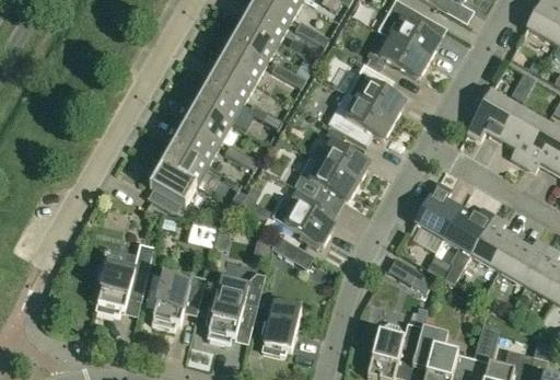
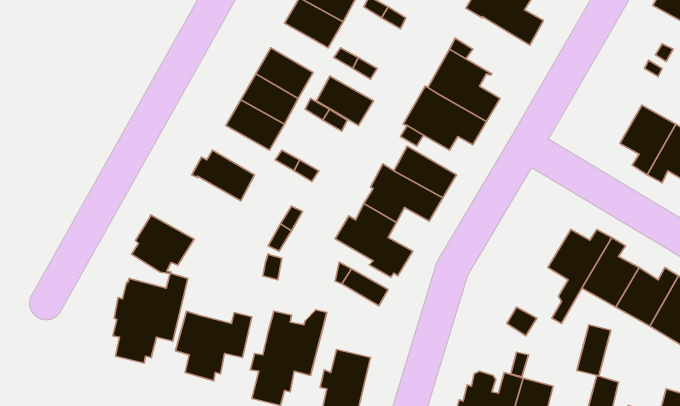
building: [380,36,429,78] -> none
building: [221,42,267,81] -> [316,76,374,125]
building: [467,91,518,138] -> none
building: [174,124,220,163] -> none
building: [147,164,197,211] -> [132,215,194,273]
building: [416,182,462,238] -> none
building: none -> [577,325,611,376]

